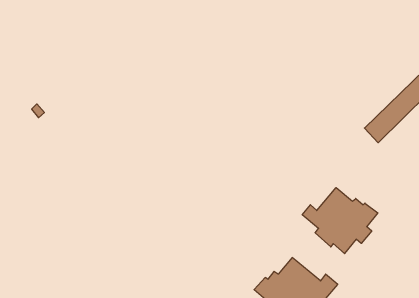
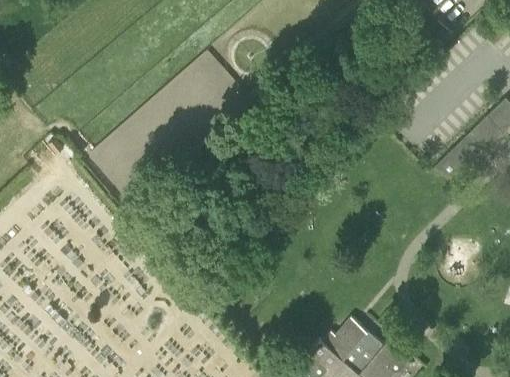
building: [302,188,378,254] -> none

